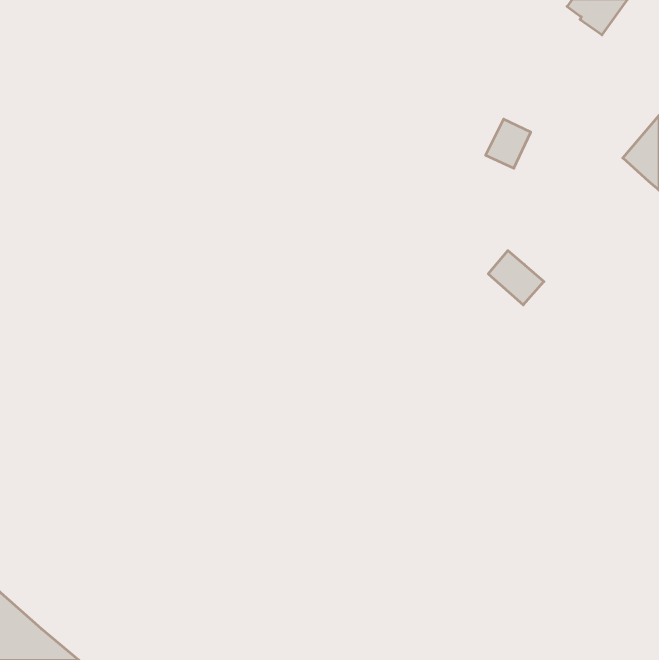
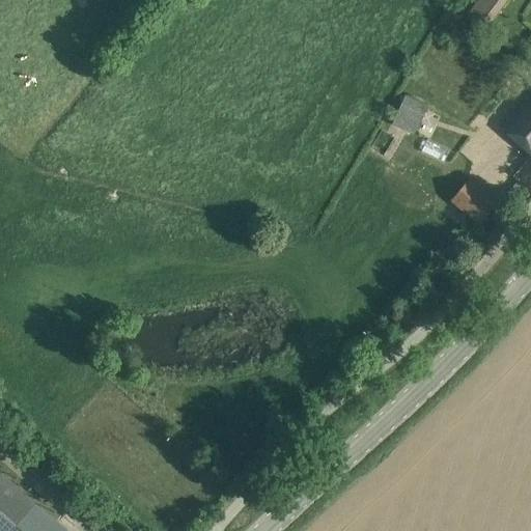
building: [488,251,544,305] -> [449,180,494,224]

